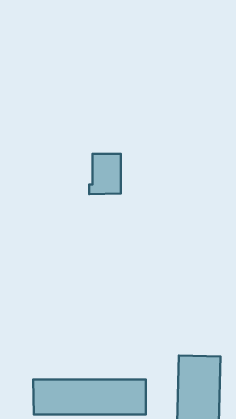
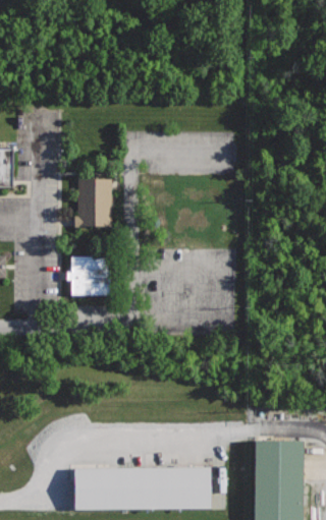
building: [89,154,121,194] -> [74,178,113,228]
building: none -> [68,257,113,295]

